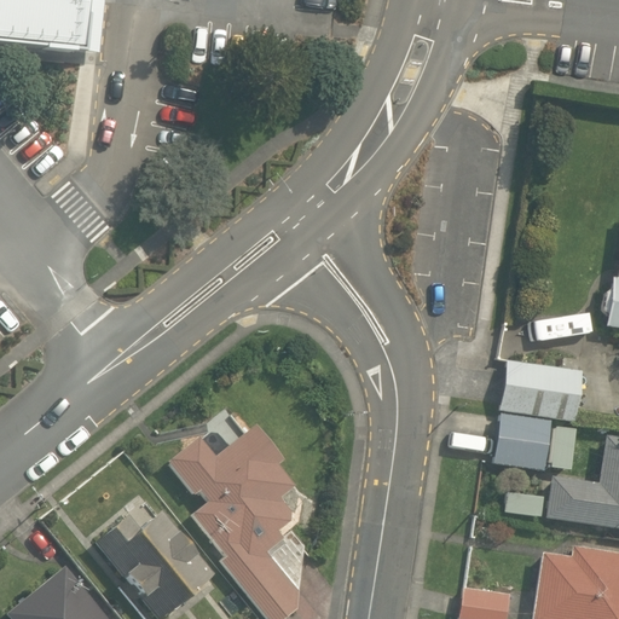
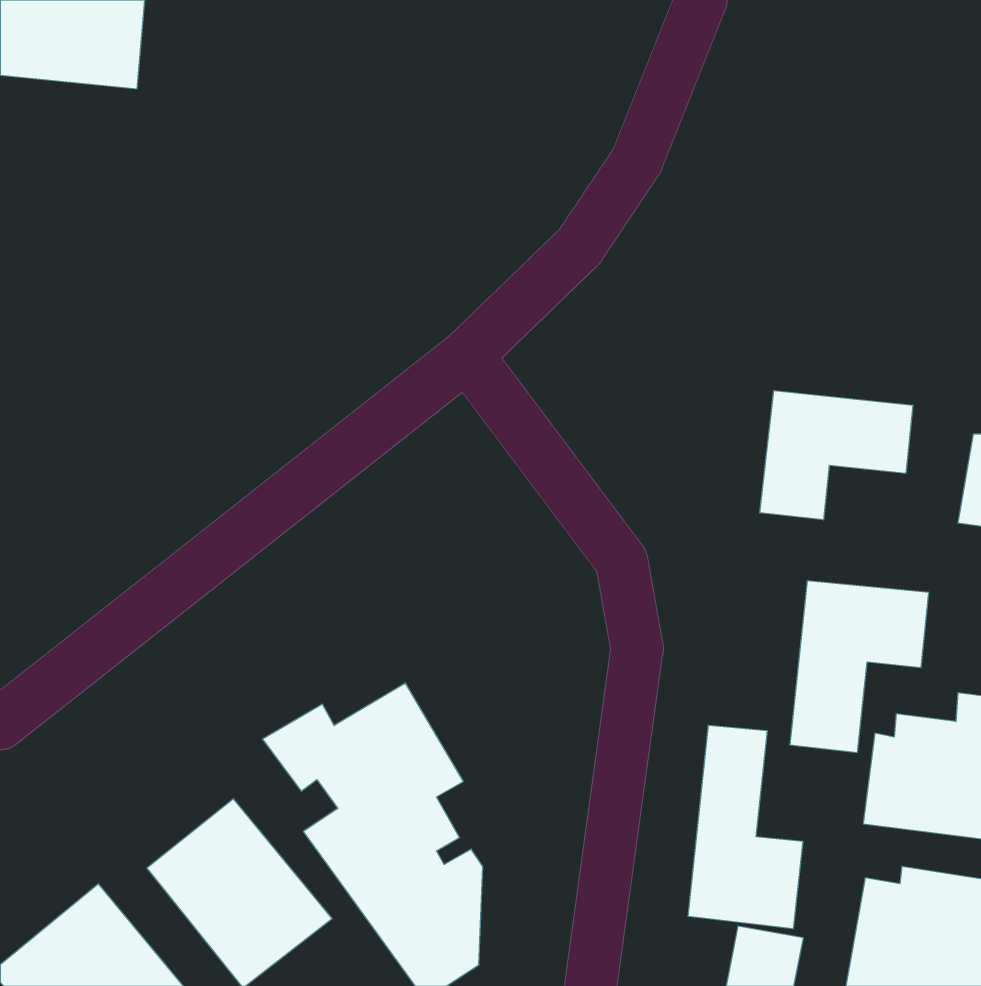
building: none -> [760,390,913,520]
building: none -> [688,725,803,929]

